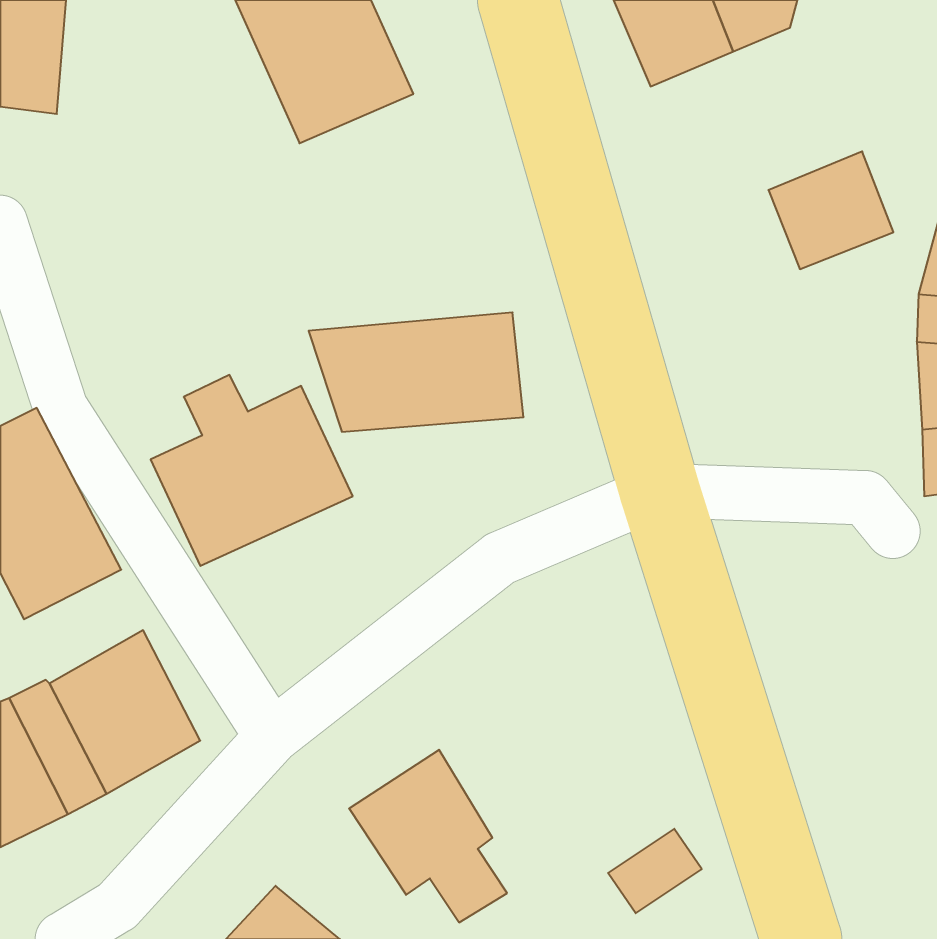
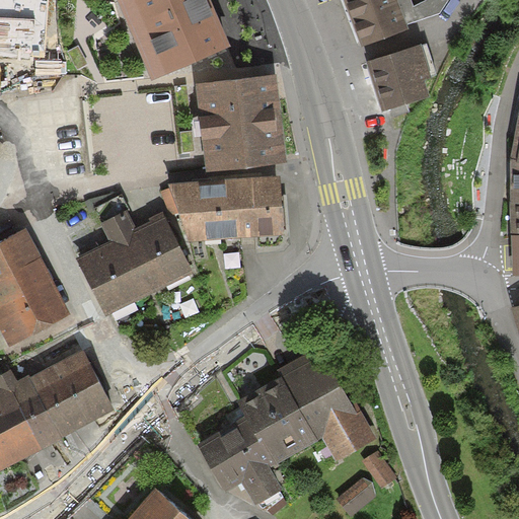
building: none -> [197,66,287,167]
building: [768,151,893,269] -> [366,45,435,109]
building: none -> [235,355,370,462]

